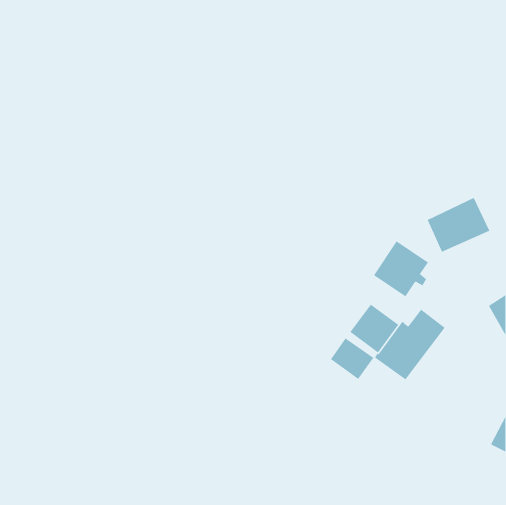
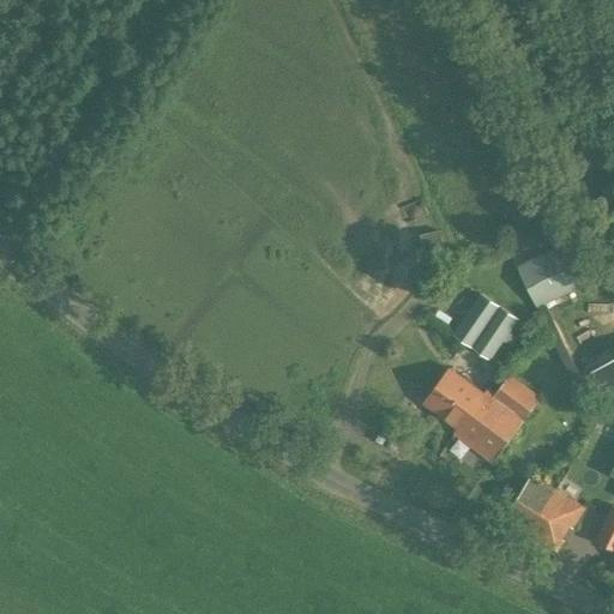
building: [330,337,374,380] -> none
building: none -> [505,476,583,550]

